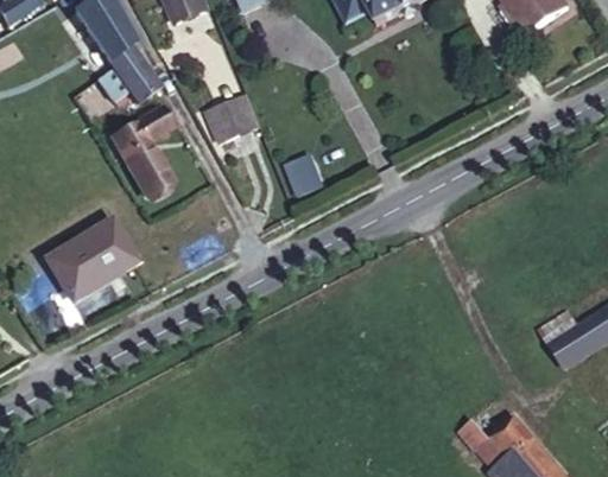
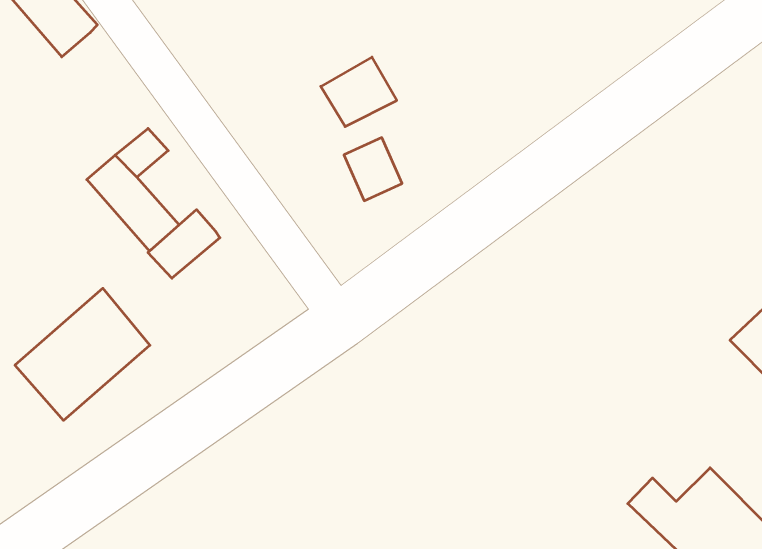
building: [90,40,157,96] -> none
building: [204,94,256,140] -> [321,57,397,127]
building: none -> [148,210,220,278]

